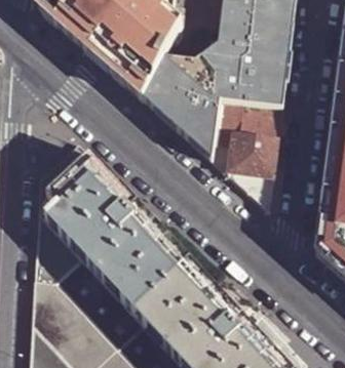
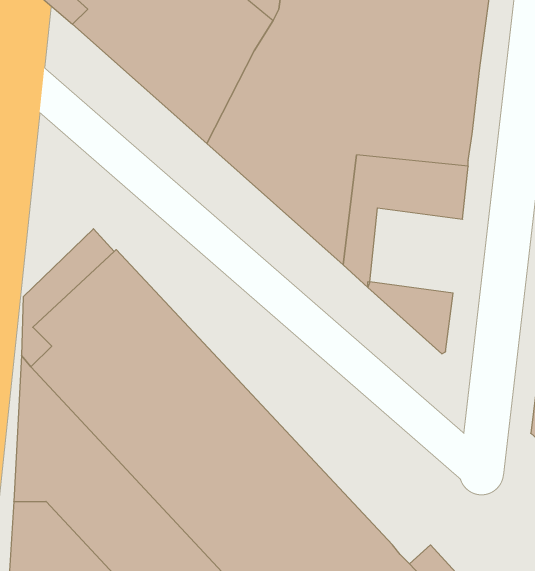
building: [231,134,281,180] -> none

